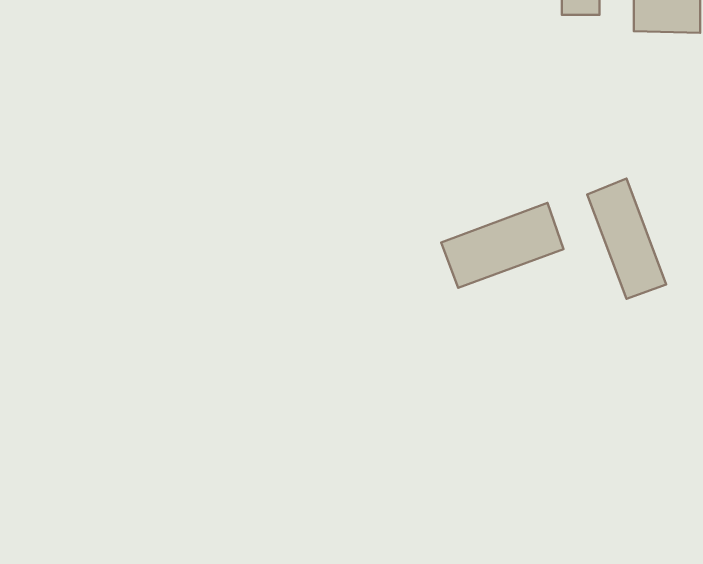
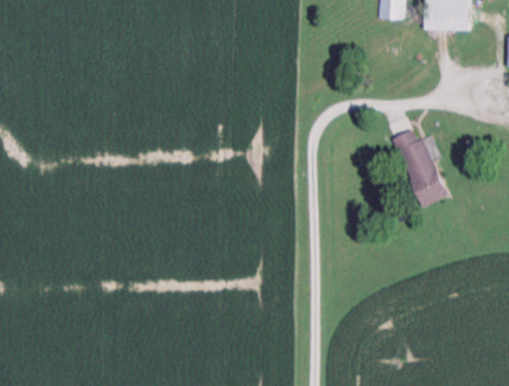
building: [441,203,563,288] -> none

